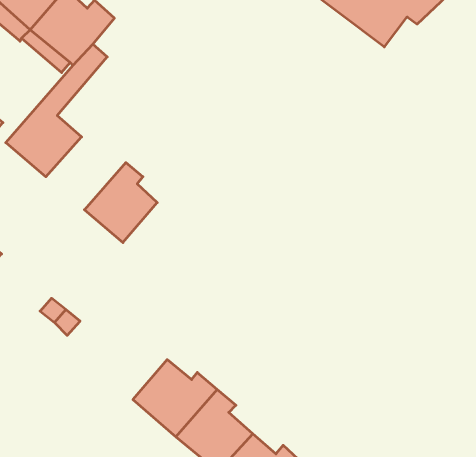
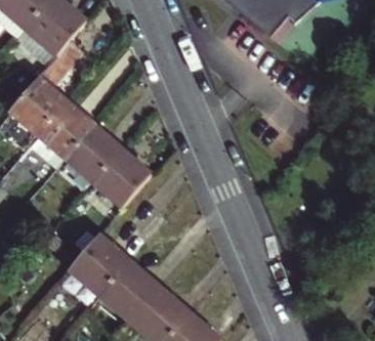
building: none -> [28,104,95,168]
building: none -> [93,152,153,206]
building: none -> [70,232,125,293]

